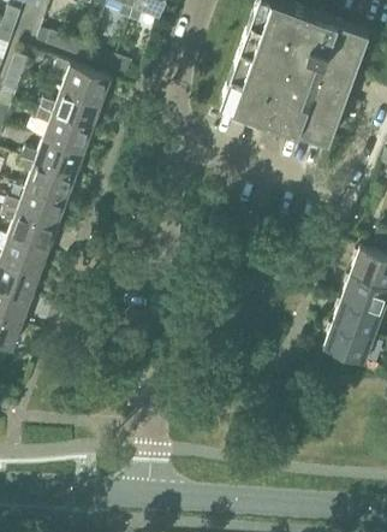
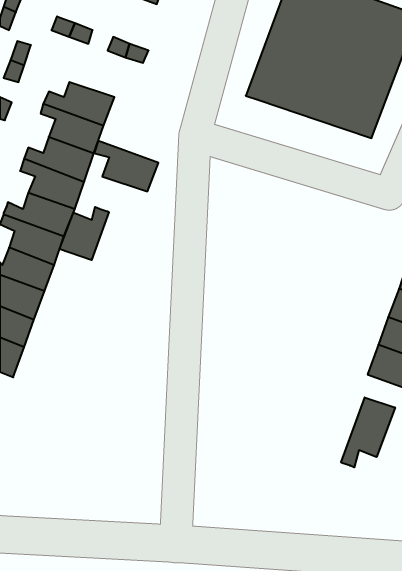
building: [55,59,112,104] -> [94,141,158,191]
building: none -> [60,207,109,260]
building: none -> [341,397,395,467]

